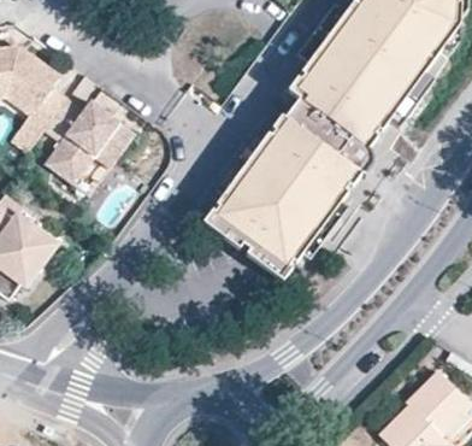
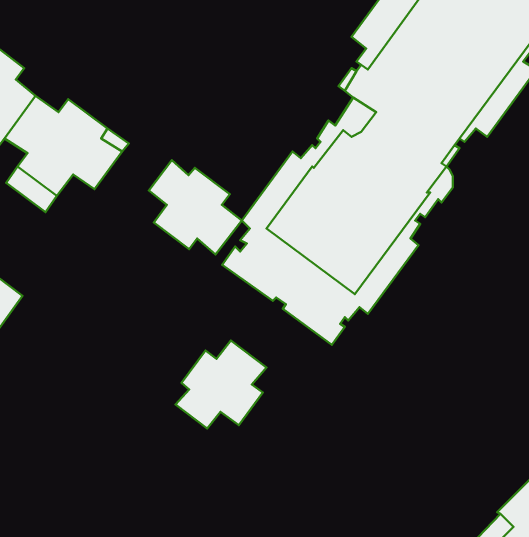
building: none -> [149,160,242,254]
building: none -> [175,340,266,428]

